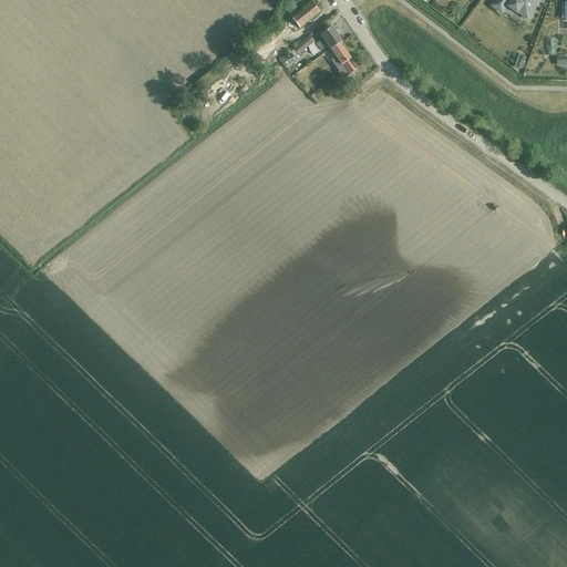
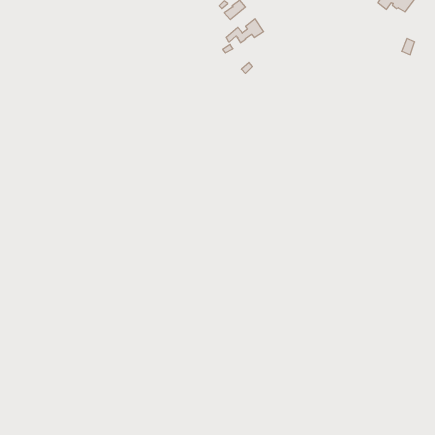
building: [330,41,358,78] -> none

